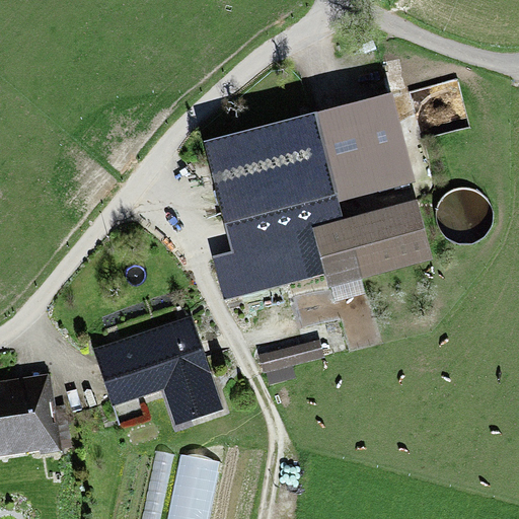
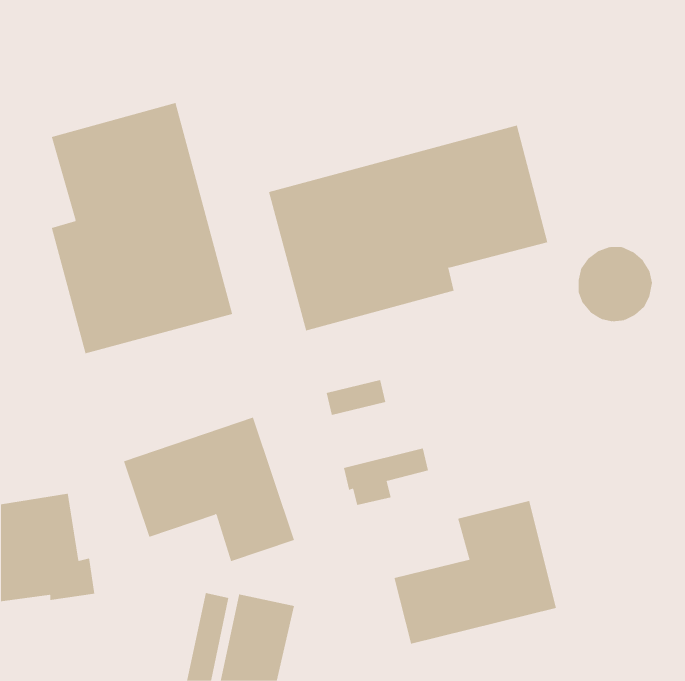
building: none -> [51,102,233,354]
building: [212,201,433,300] -> none
building: none -> [394,500,556,645]

